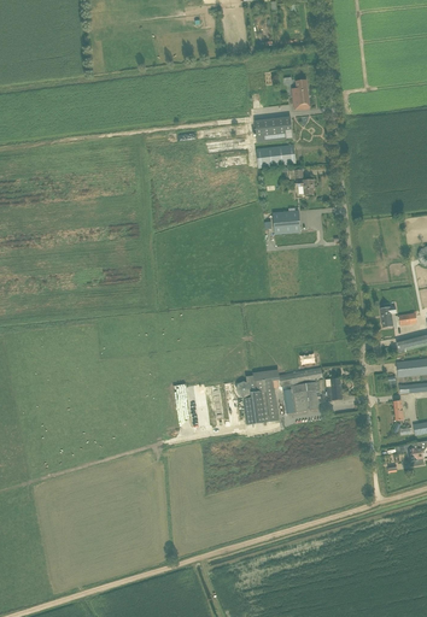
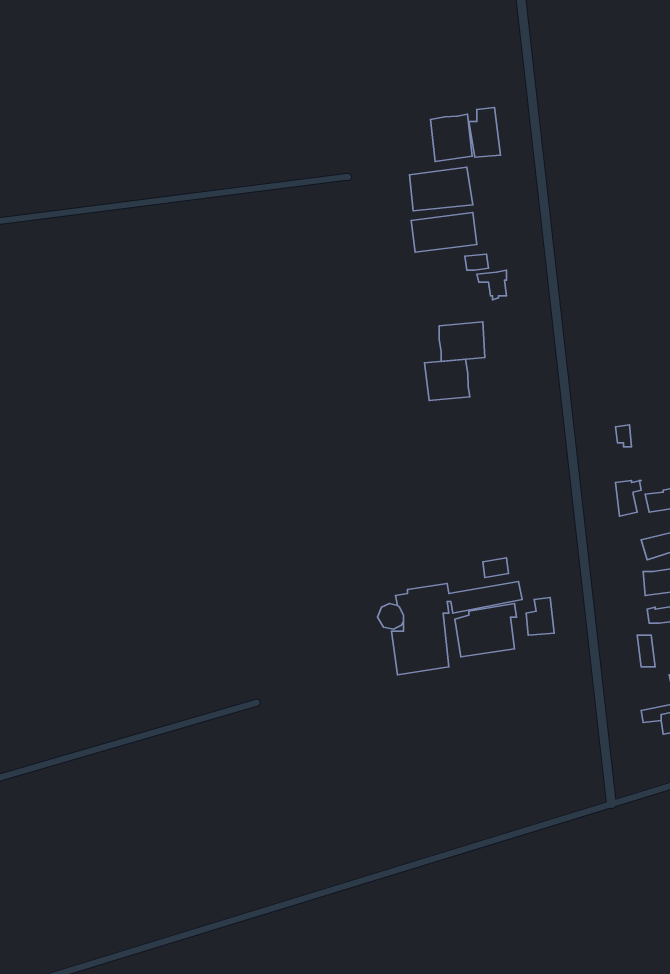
building: none -> [430,114,472,161]
building: none -> [425,359,470,401]

